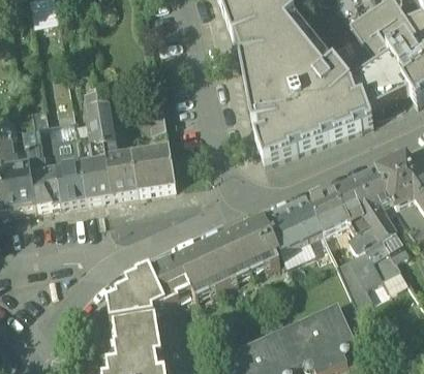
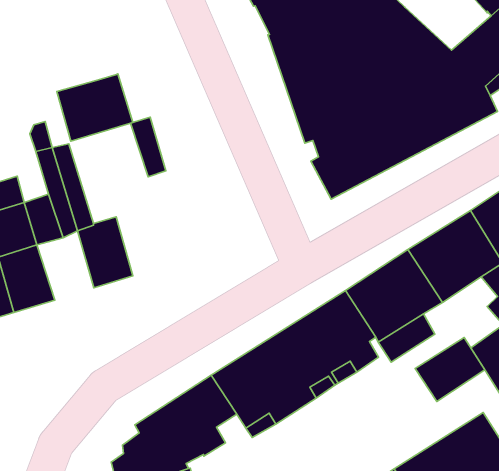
building: none -> [57,74,133,141]
building: [132,146,176,189] -> none
building: [82,157,113,197] -> none
building: none -> [415,338,485,402]

